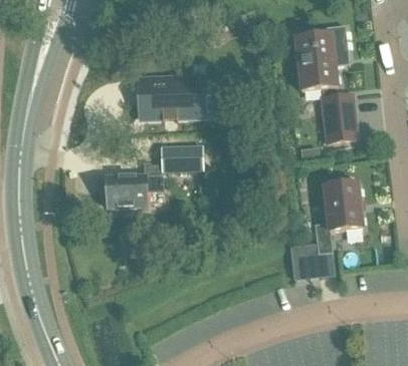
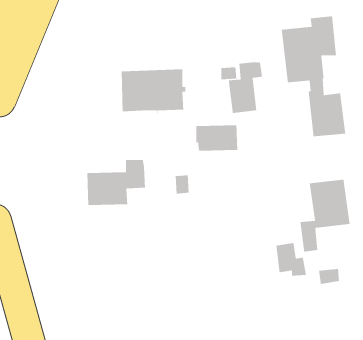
building: none -> [228,61,263,114]
building: [161,144,202,170] -> [195,124,238,151]

